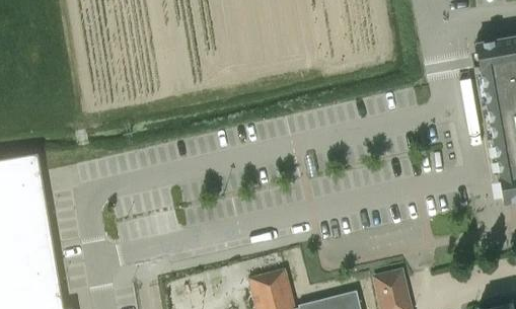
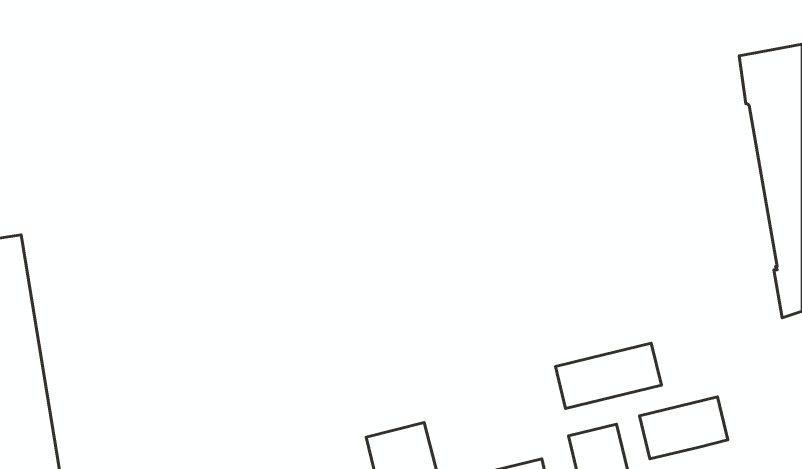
building: none -> [555,343,661,408]
building: none -> [639,397,728,459]

